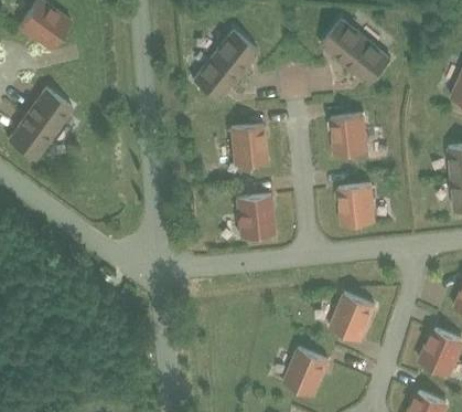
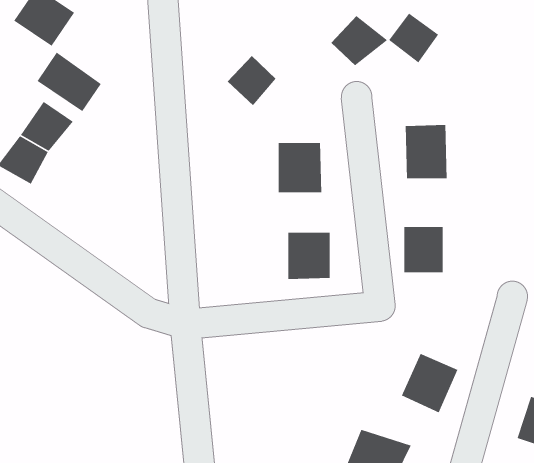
building: [211,34,257,75] -> [330,15,388,66]
building: [344,40,387,78] -> none
building: none -> [37,52,102,112]

